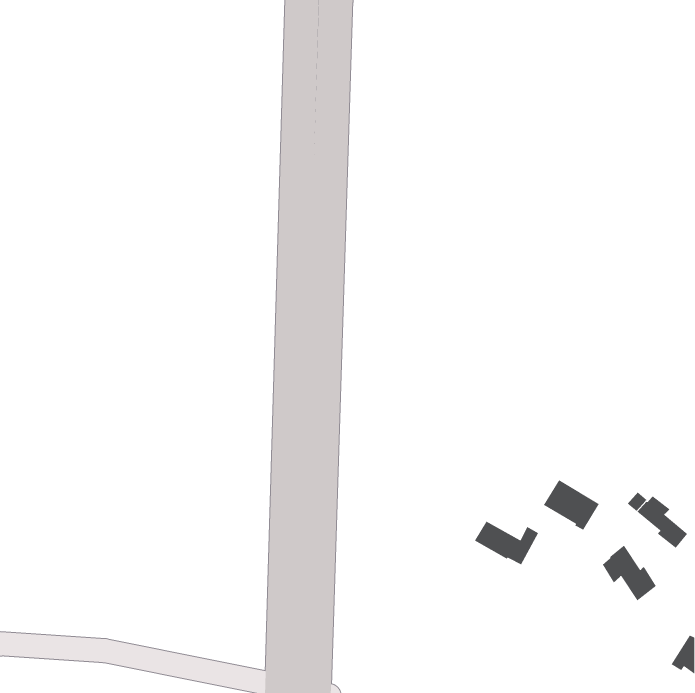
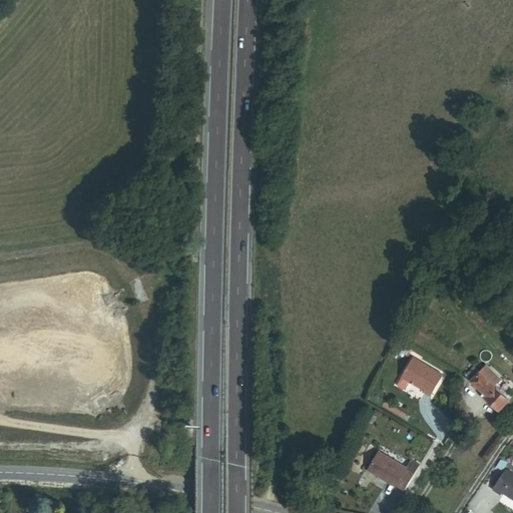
building: [474,521,539,565] -> [373,458,421,491]
building: [602,544,657,601] -> none

